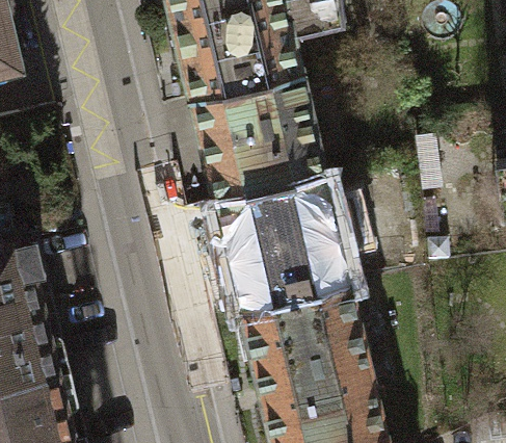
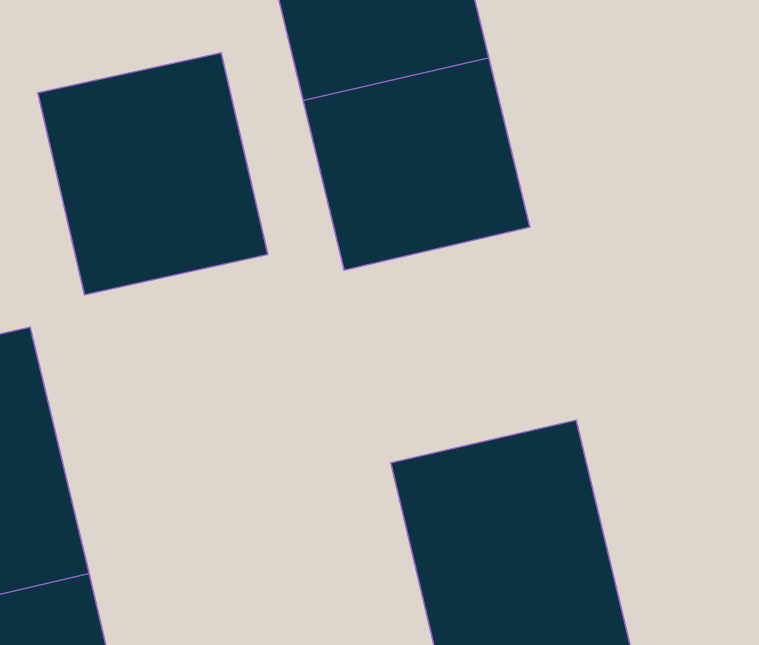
building: none -> [38,53,268,295]
building: [214,163,349,301] -> none

